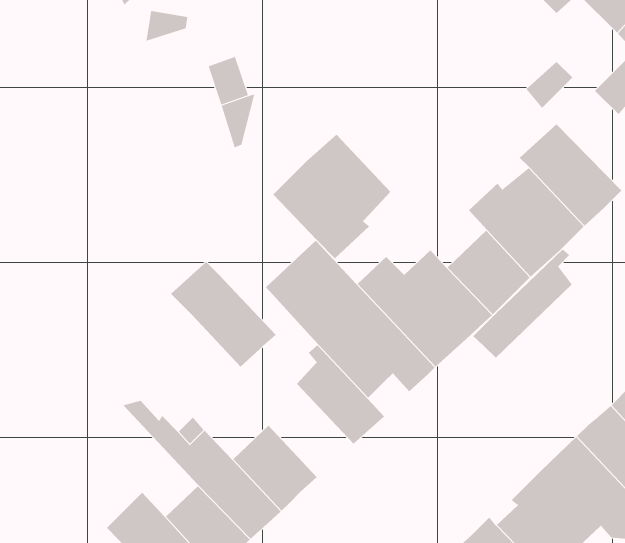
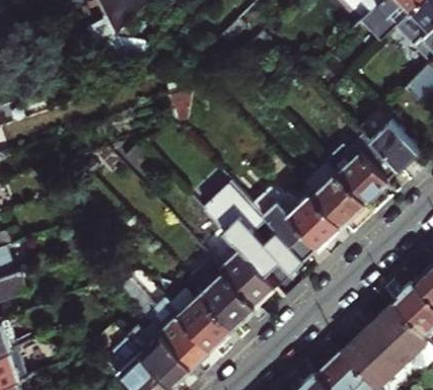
building: [272,134,391,259] -> none
building: [472,248,573,358] -> none
building: [170,261,277,368] -> [189,262,255,328]

